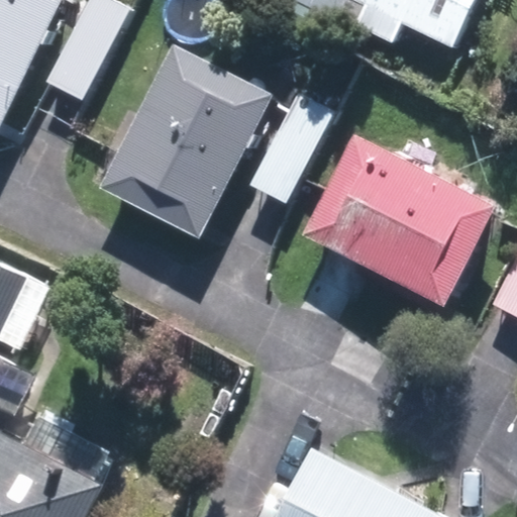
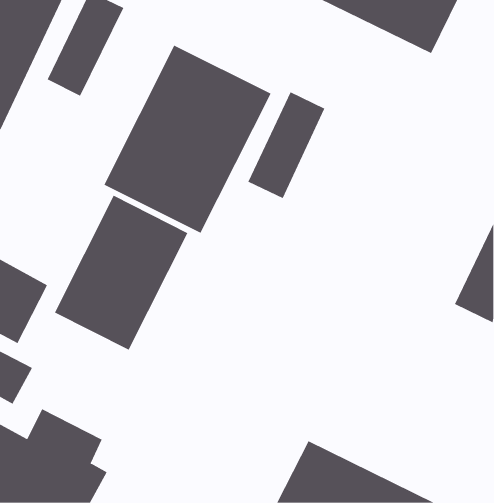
building: [281,147,474,317] -> none
building: none -> [54,195,188,351]

